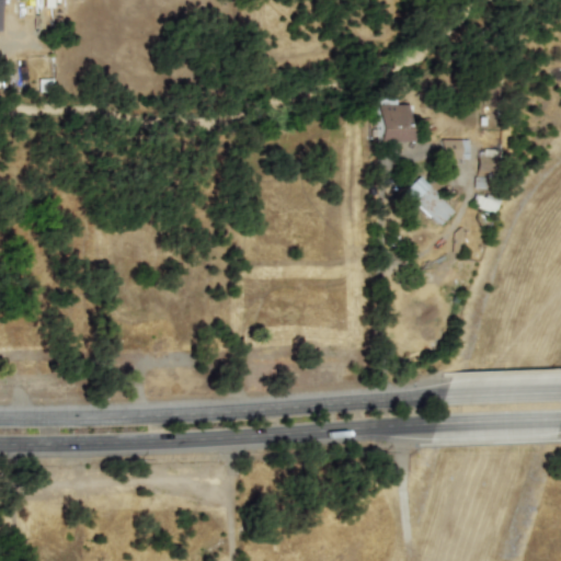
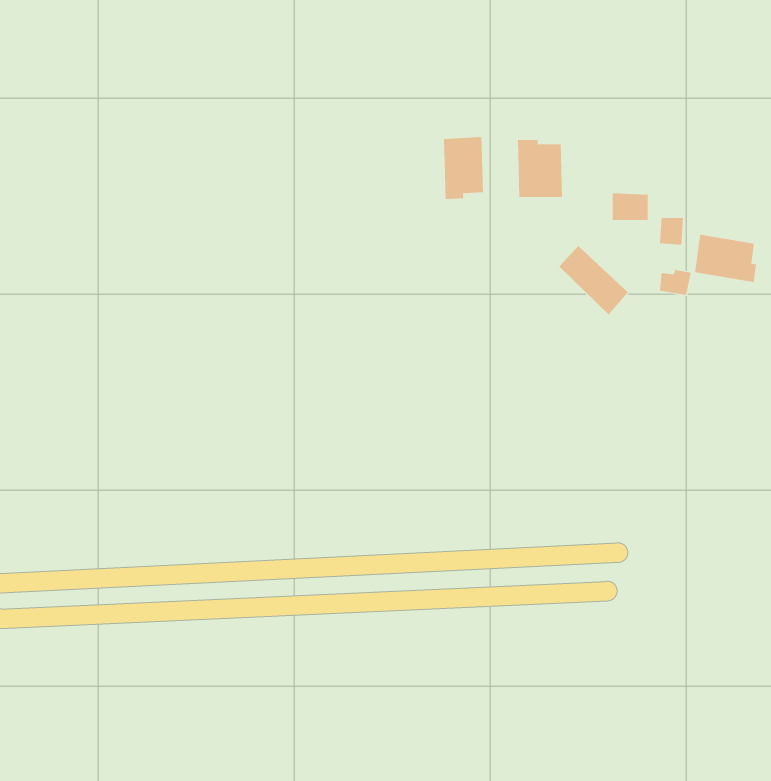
building: none -> [444,136,483,200]
building: none -> [695,234,757,283]

